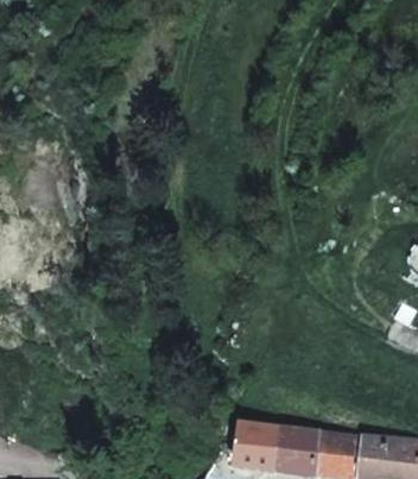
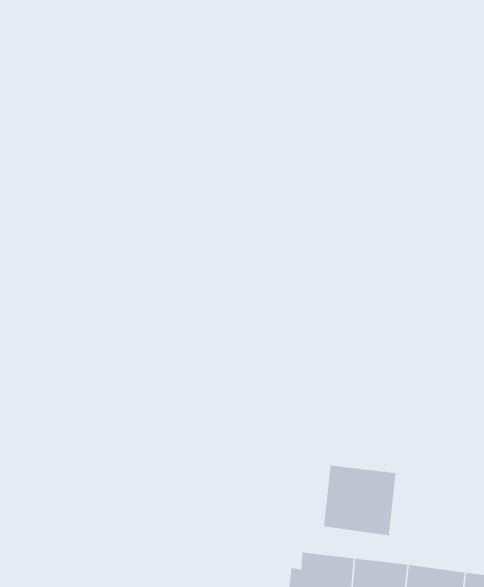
building: none -> [324,465,396,536]

